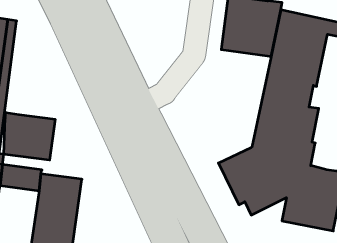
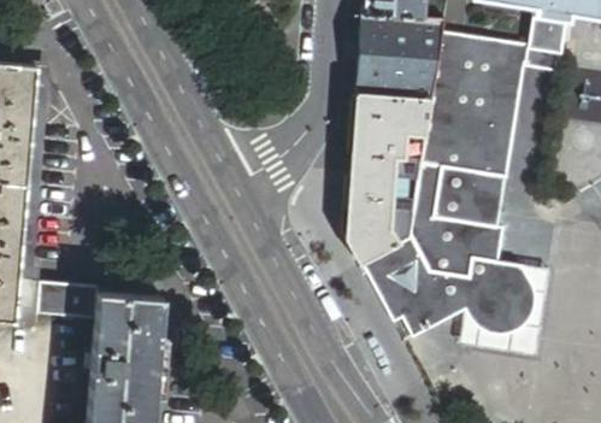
building: none -> [346,94,428,264]
building: [4,112,55,160] -> none

